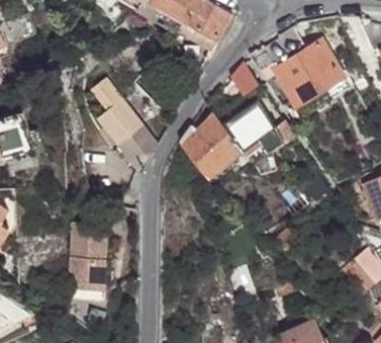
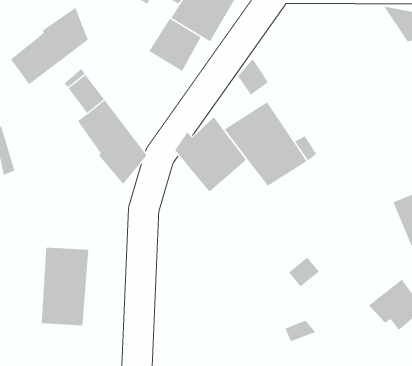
building: none -> [10,7,88,85]
building: none -> [148,18,202,72]
building: [264,34,343,107] -> none

